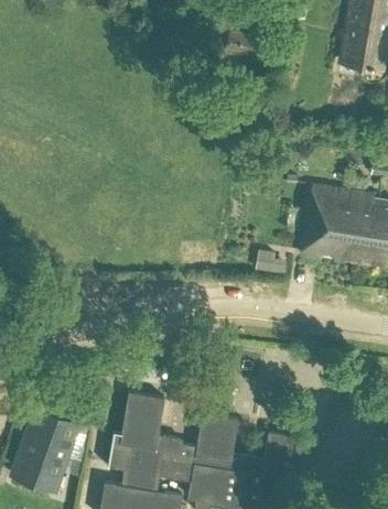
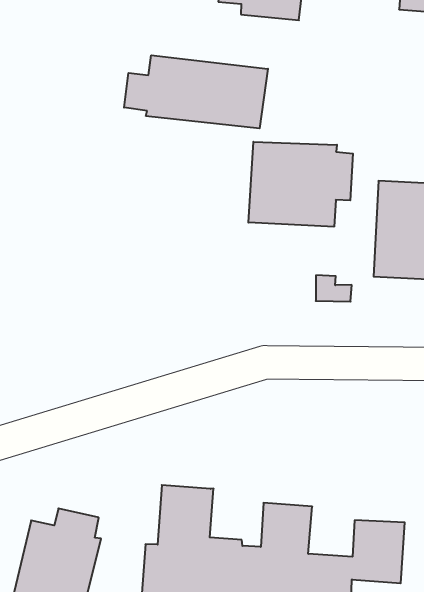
building: none -> [124,55,268,128]
building: none -> [248,142,353,227]

